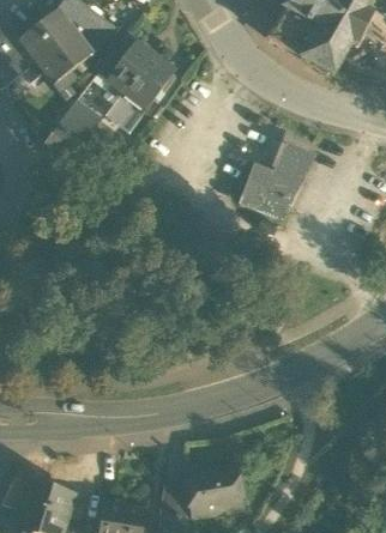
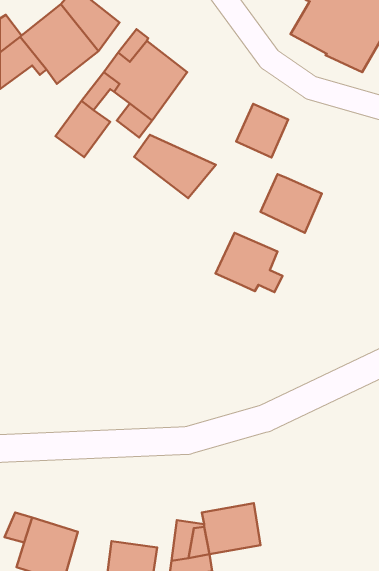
building: none -> [134,135,216,198]
building: [266,133,314,182] -> [236,104,288,157]
building: none -> [215,233,282,292]

